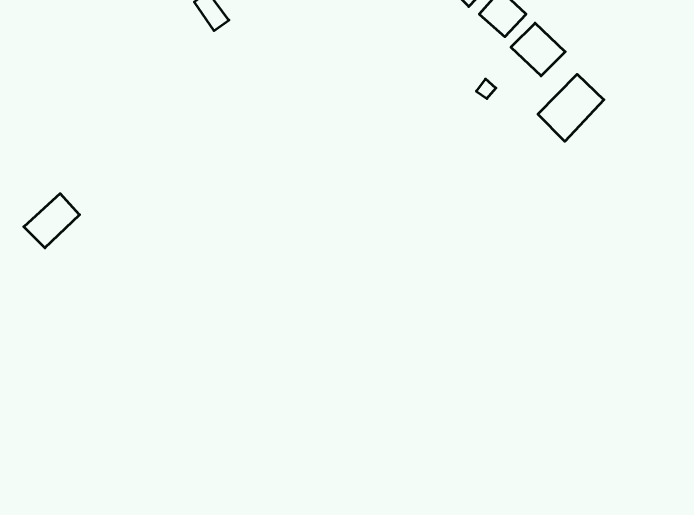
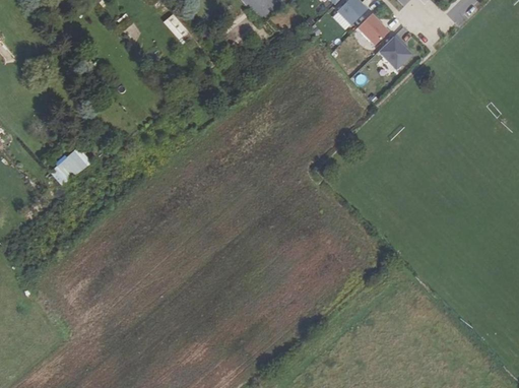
building: [538,74,604,141] -> none

